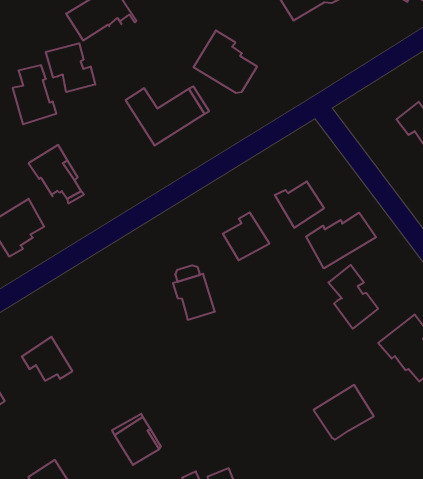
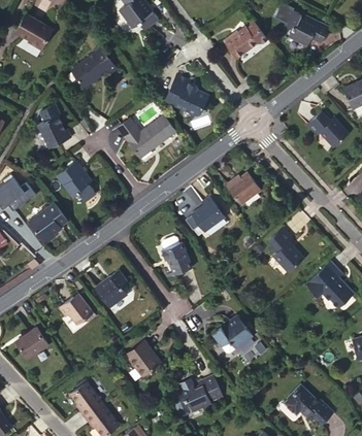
building: [46,43,95,92] -> none
building: [306,213,376,268] -> none
building: none -> [96,271,126,308]
building: [314,385,374,440] -> [209,317,252,357]

